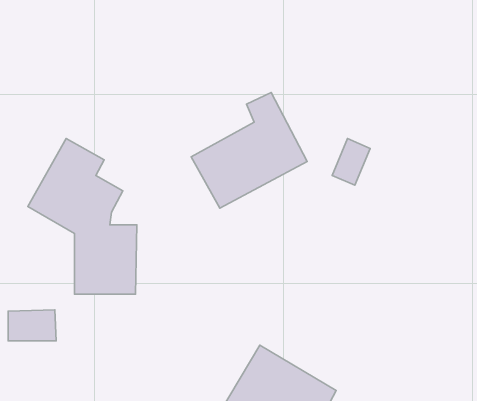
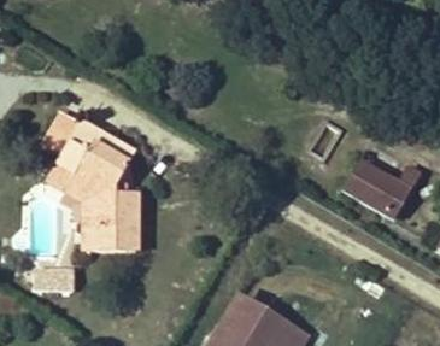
building: [191,92,307,208] -> none
building: none -> [350,165,416,223]

